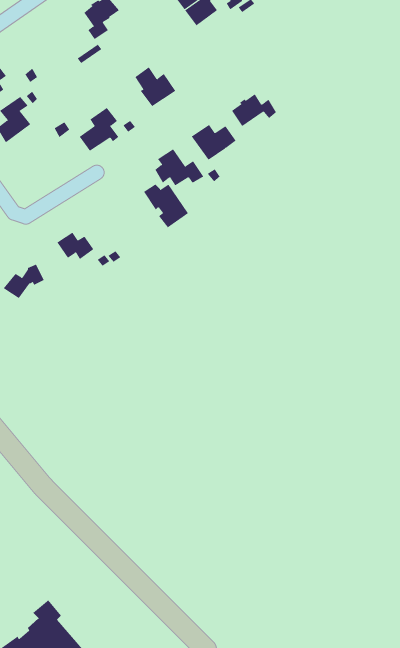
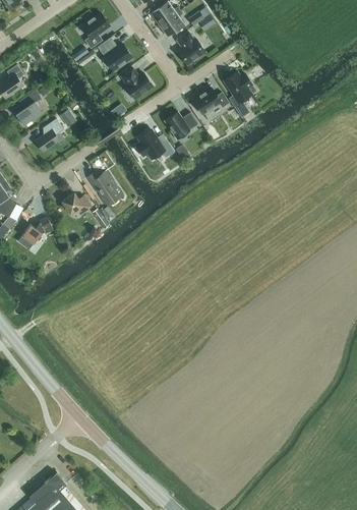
building: none -> [177,32,205,64]
building: none -> [98,37,132,70]
building: none -> [224,71,252,117]
building: [79,107,119,152] -> [35,118,65,152]
building: [143,184,189,228] -> [86,171,121,205]

